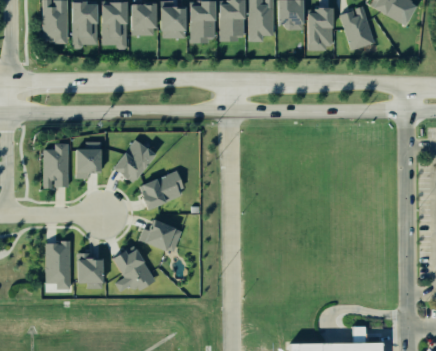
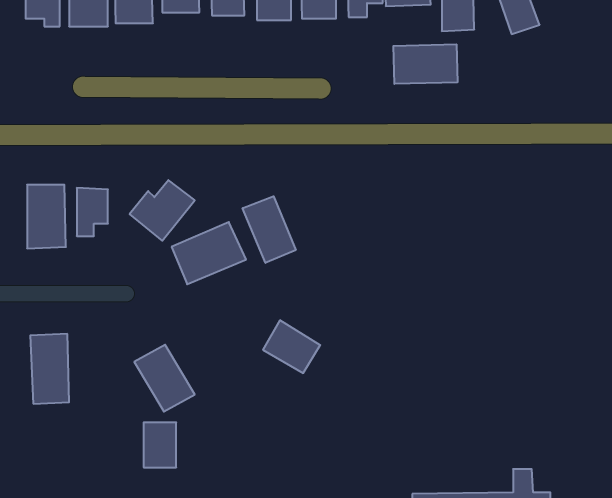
building: none -> [393,44,457,84]
building: none -> [243,196,296,263]
building: [142,218,179,252] -> [263,320,320,373]
building: [79,255,100,284] -> [144,422,176,467]

